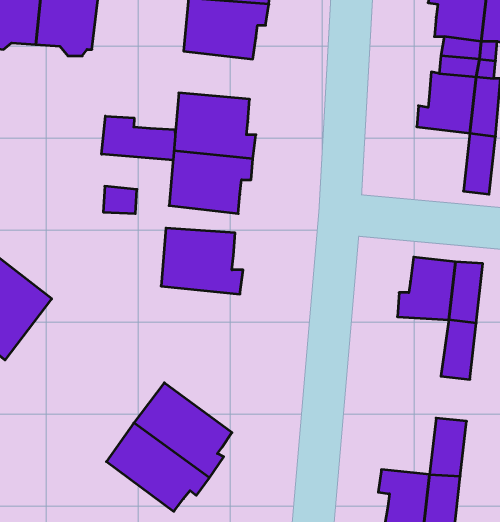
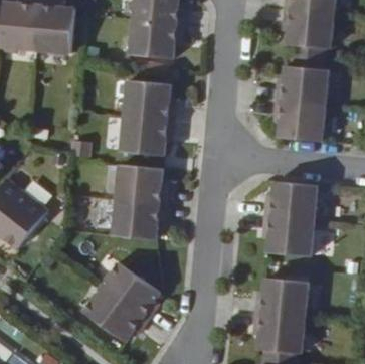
building: [102,116,175,160] -> none
building: none -> [273,101,309,141]
building: none -> [112,200,165,240]
building: none -> [261,219,296,256]
building: none -> [253,281,288,318]

